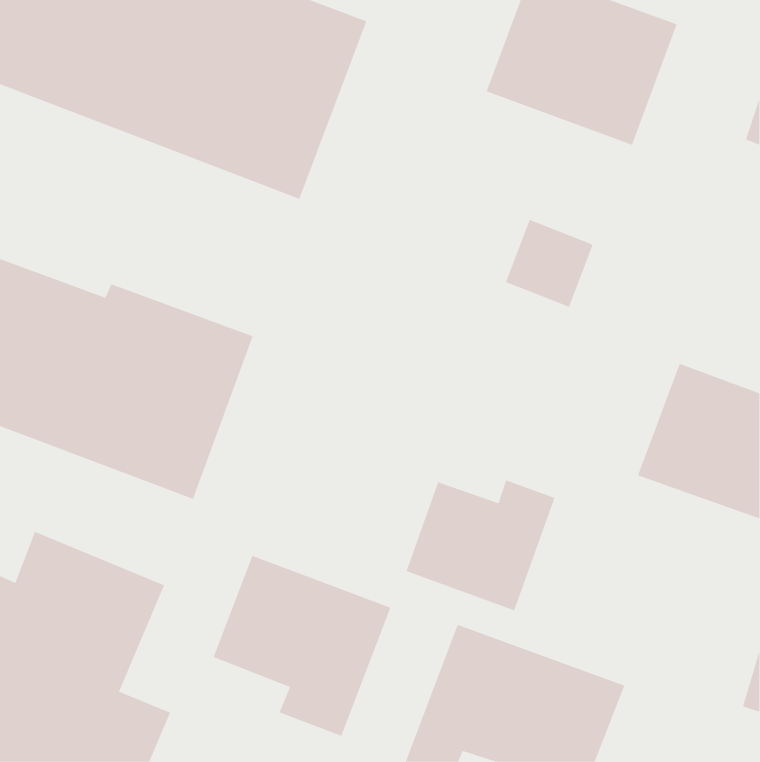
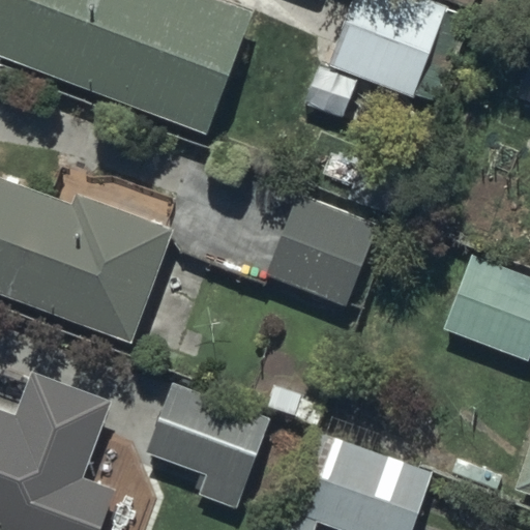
building: none -> [266,194,377,303]
building: [406,480,555,611] -> none

